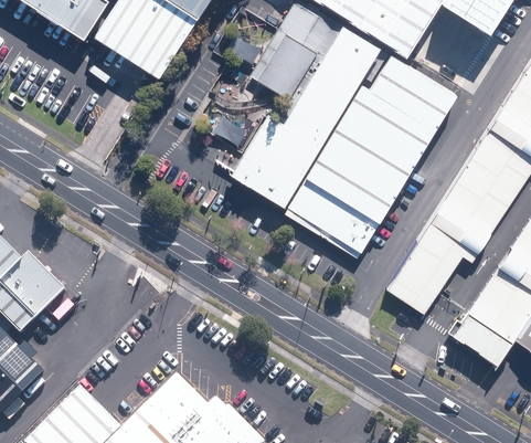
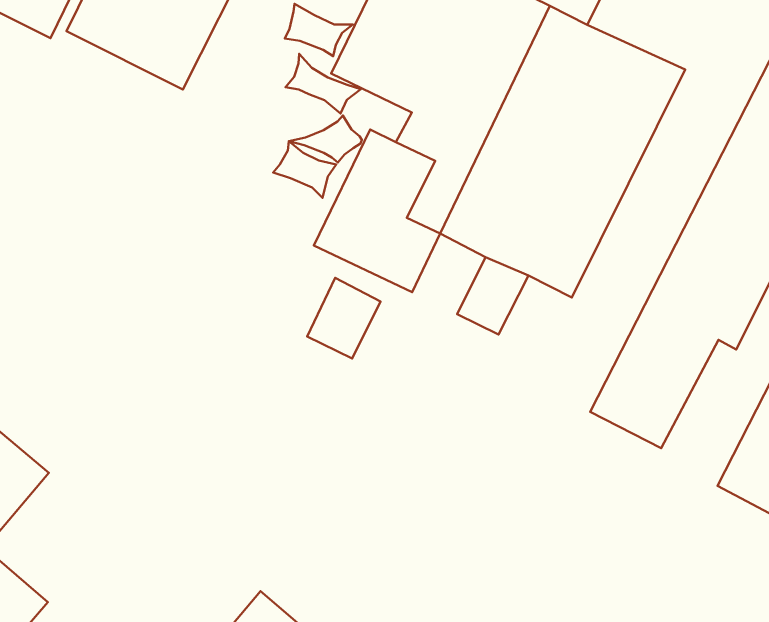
building: [286,175,331,223] -> [307,278,381,358]
building: [334,204,380,253] -> none

